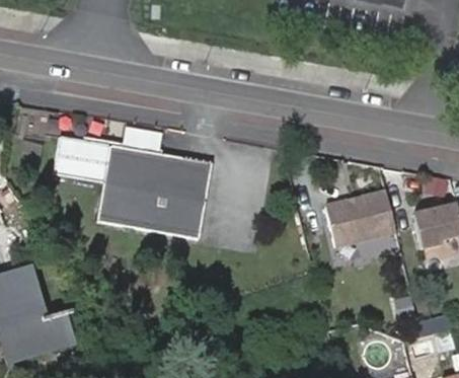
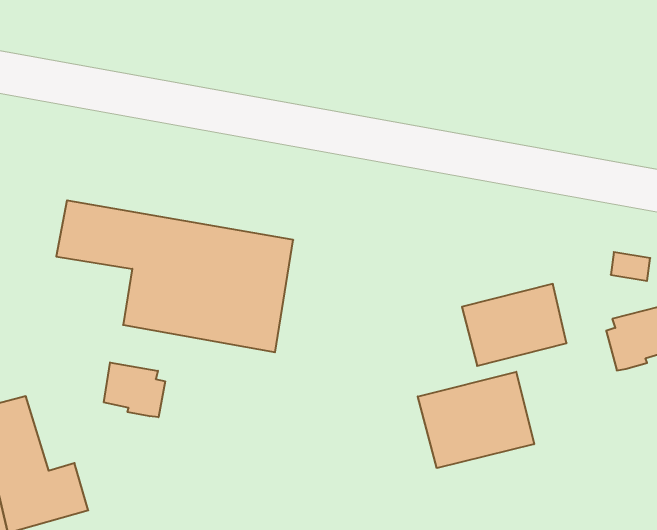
building: none -> [104,362,165,417]
building: none -> [418,372,534,468]

